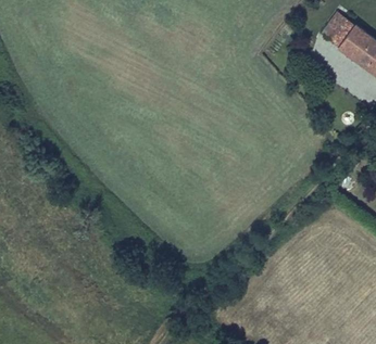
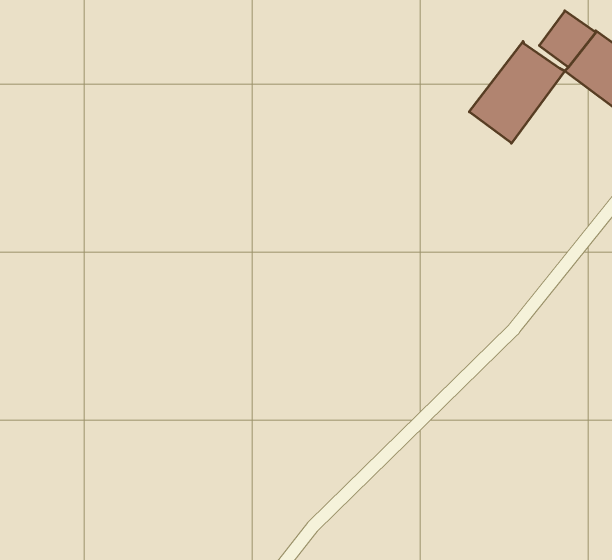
building: none -> [469,41,565,143]

